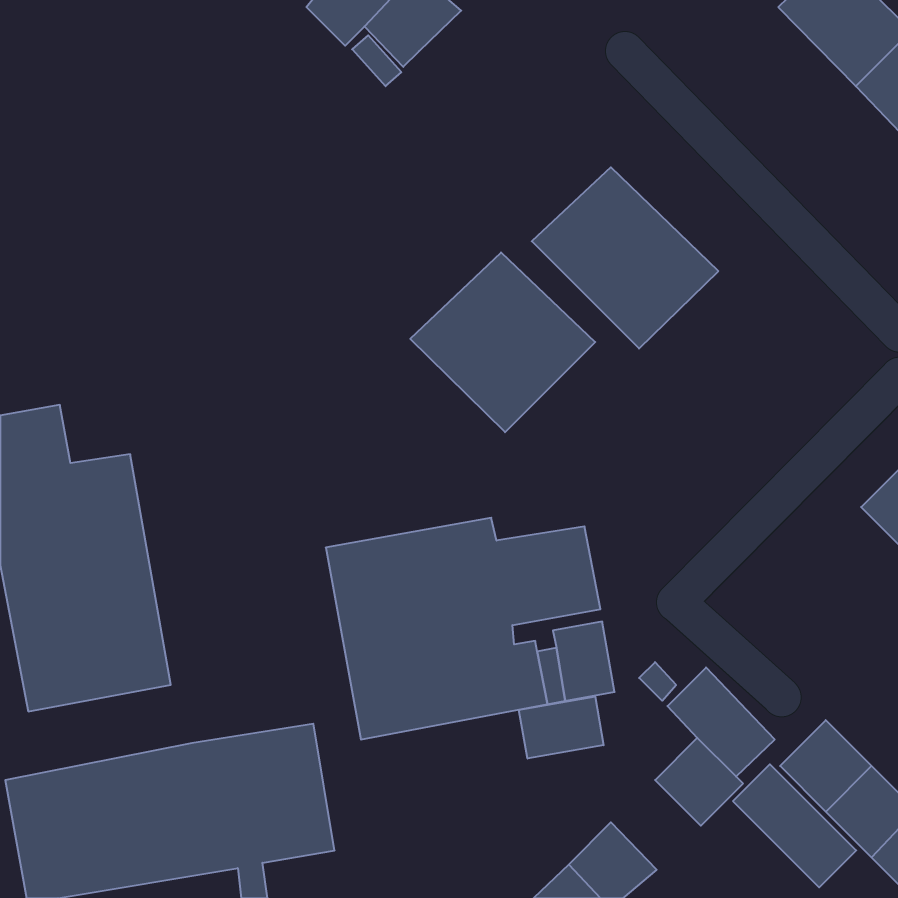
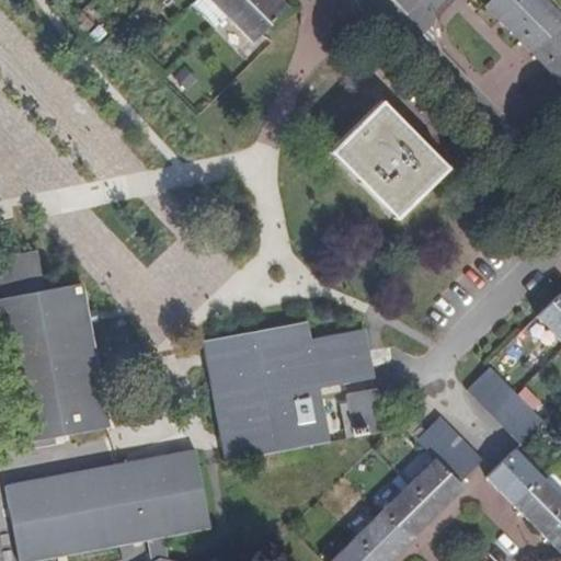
building: [410,252,595,432] -> none
building: [519,696,604,759] -> none
building: [733,764,856,887] -> [467,366,543,443]
building: none -> [381,485,437,541]

